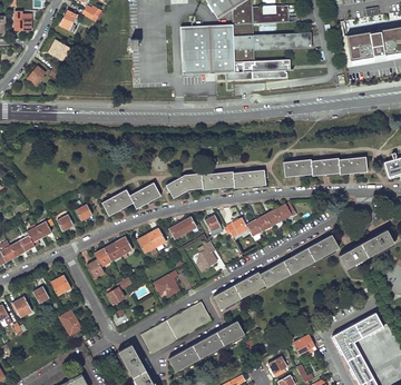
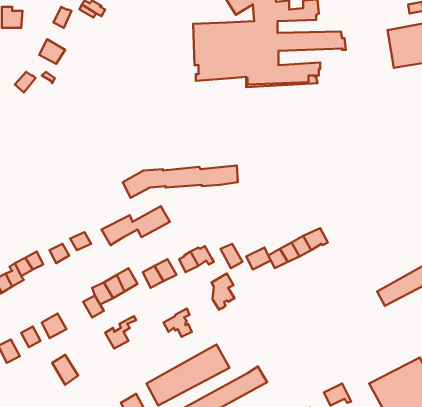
building: [283,157,368,177] -> none
building: [166,170,265,198] -> [123,165,238,198]
building: [213,234,339,309] -> none

